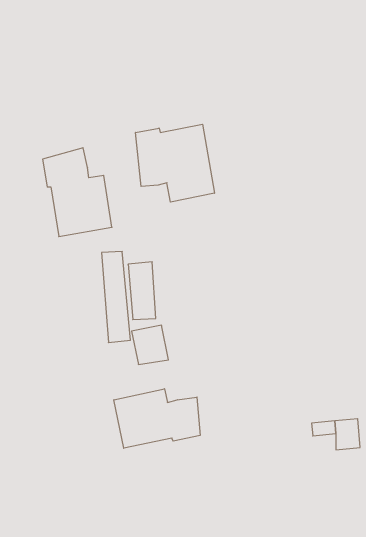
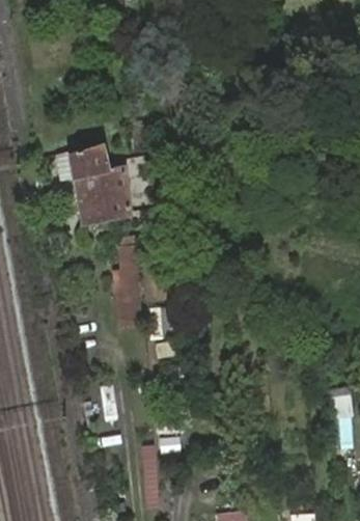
building: [136,124,214,202] -> none
building: [114,389,200,448] -> none

